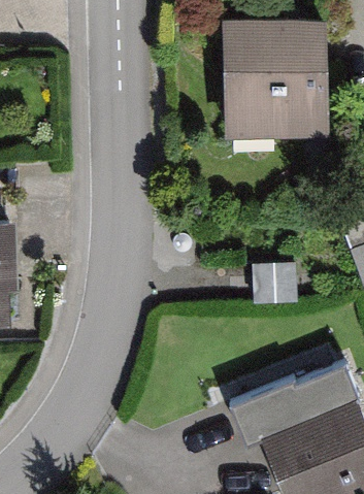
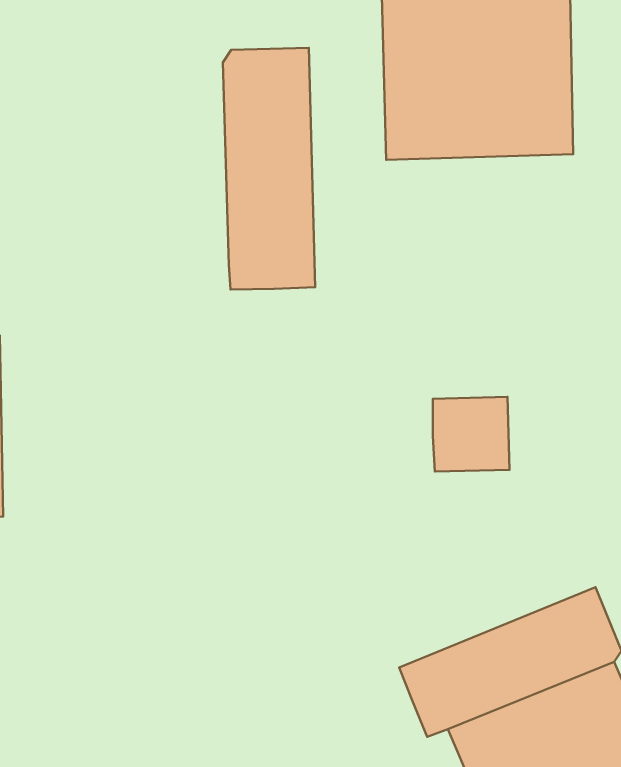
building: none -> [223,48,315,290]

